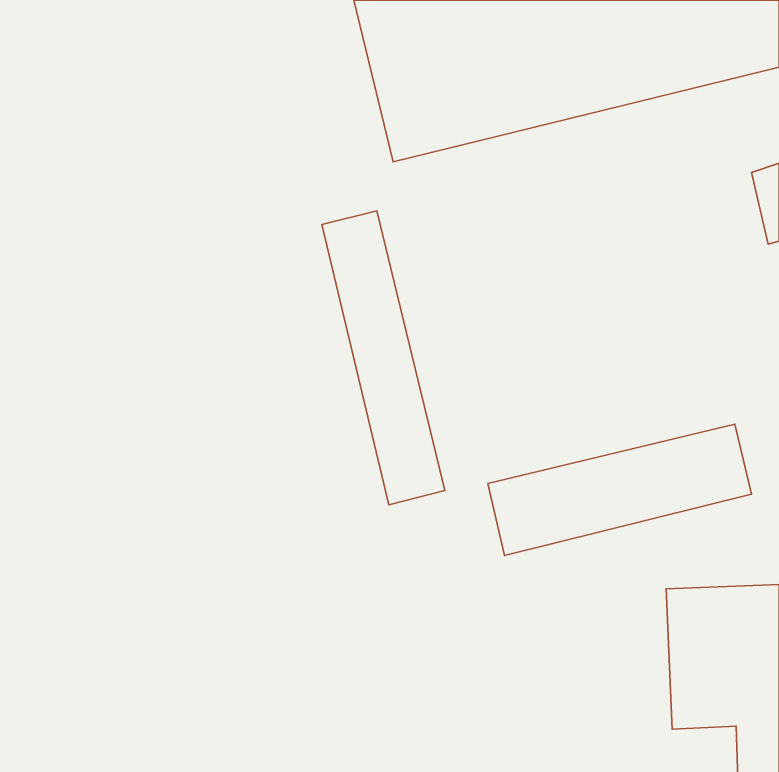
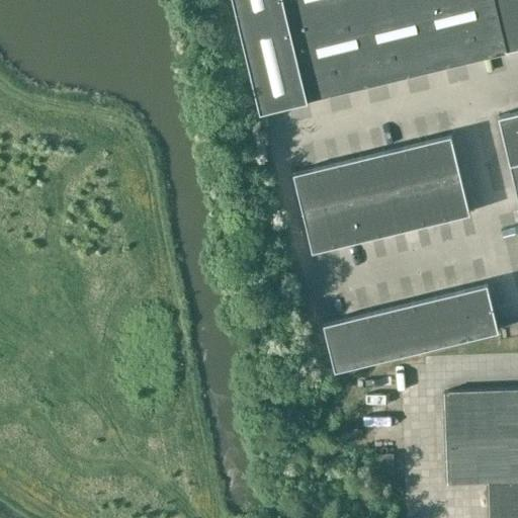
building: none -> [293,138,470,254]
building: [322,211,445,505] -> none

